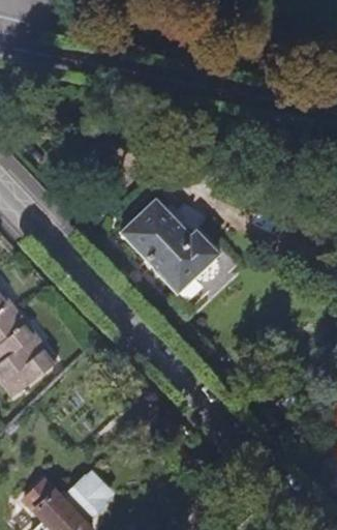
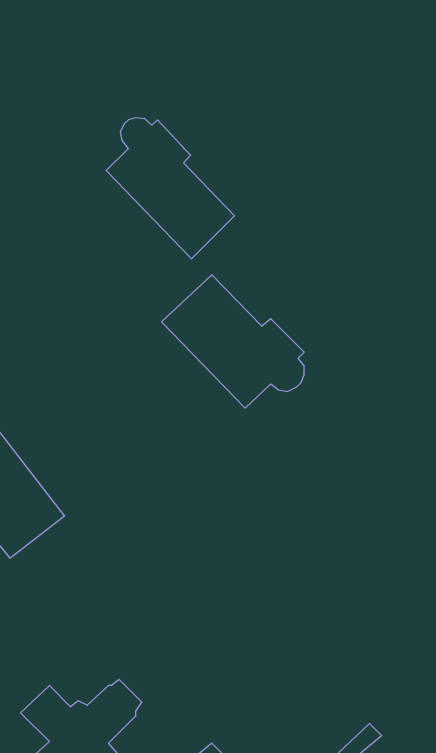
building: none -> [106,118,235,259]

